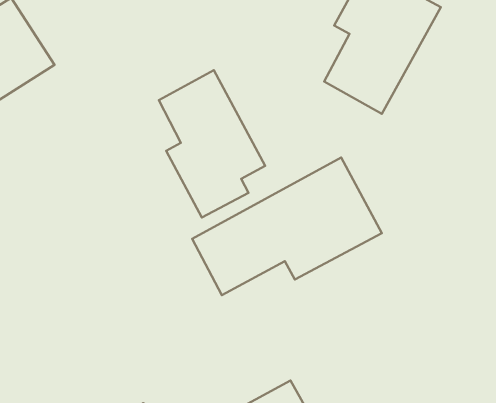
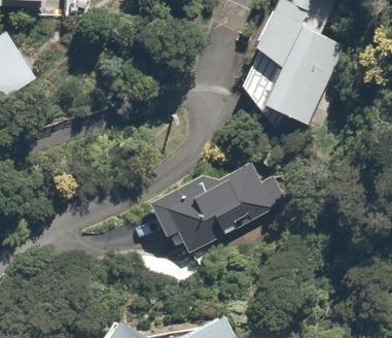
building: [159,70,265,217] -> none

